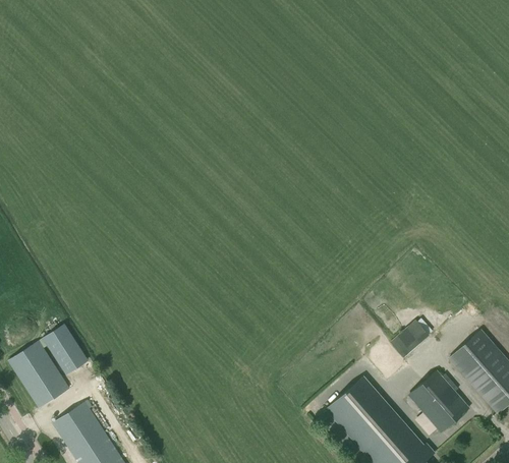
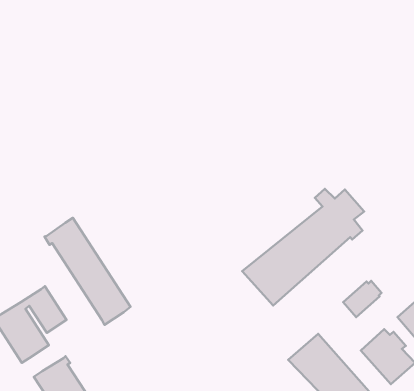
building: none -> [242,189,364,305]
building: none -> [44,218,131,325]

